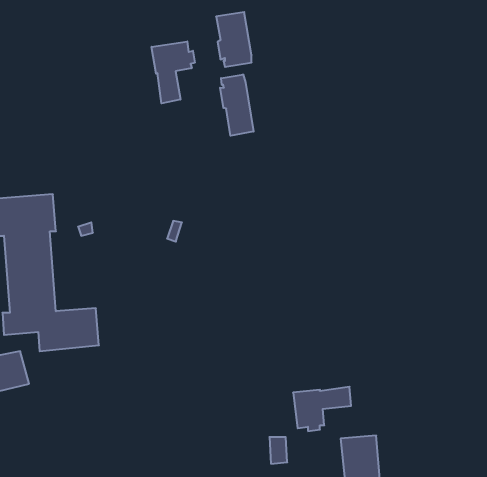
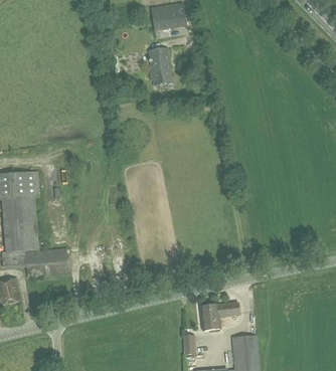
building: [152,41,195,103] -> none
building: [220,74,254,136] -> none

